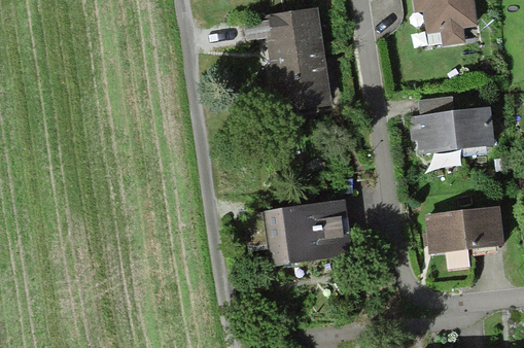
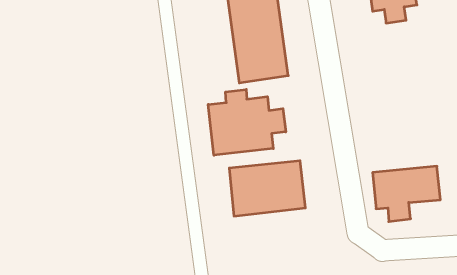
building: [411,108,493,152] -> none
building: none -> [208,89,286,155]

